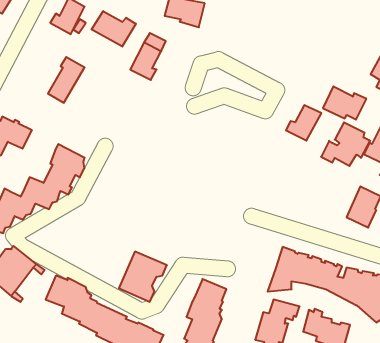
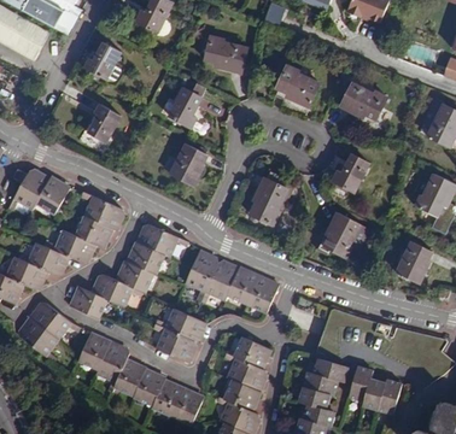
building: [92,11,136,47] -> none
building: none -> [275,66,318,106]
building: [323,86,366,120] -> [340,83,386,118]
building: none -> [169,143,205,186]
building: none -> [250,170,294,224]
building: [321,122,370,166] -> [314,212,366,258]
building: none -> [69,223,176,318]
building: none -> [185,250,277,310]

